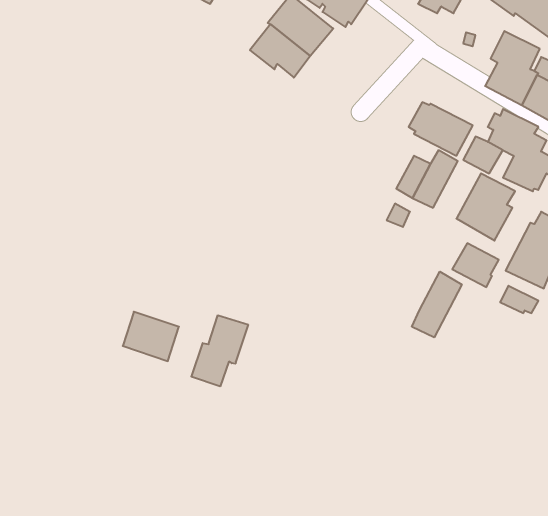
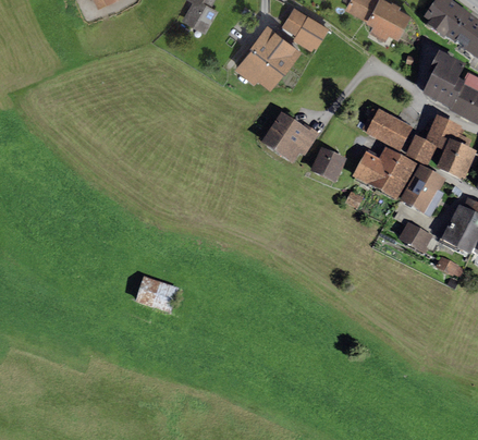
building: none -> [260,111,319,163]
building: none -> [310,148,347,183]
building: none -> [381,156,417,201]
building: [412,272,462,337] -> none
building: [191,315,248,386] -> none

